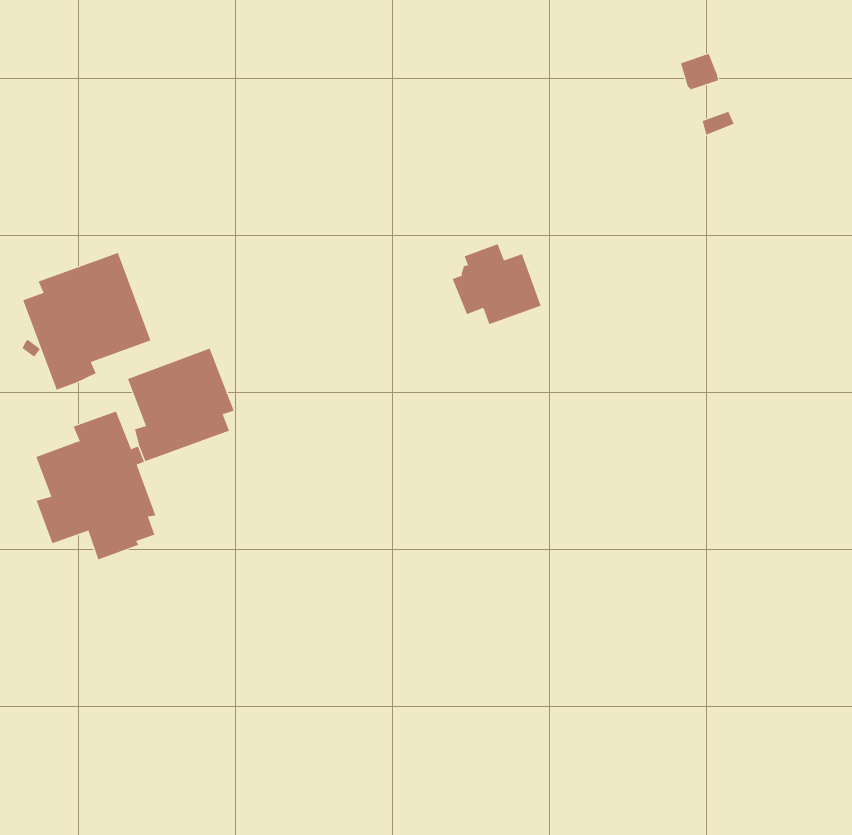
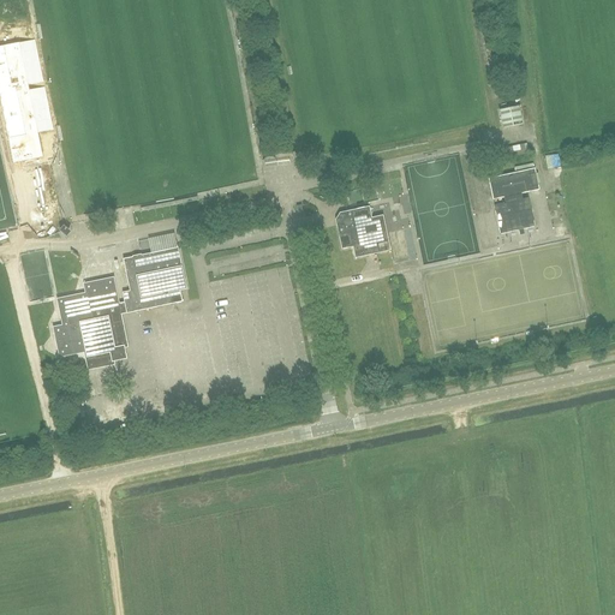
building: none -> [488,163,538,232]
building: [22,252,151,390] -> none

